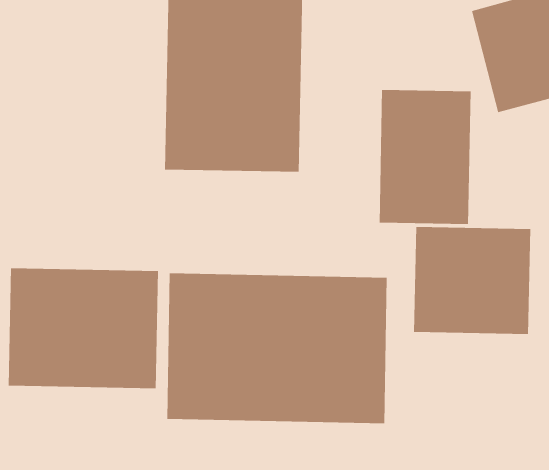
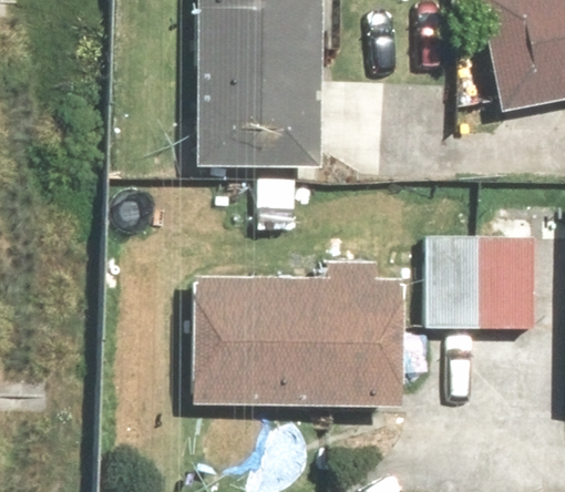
building: [379,89,471,225] -> none
building: [8,267,158,389] -> none

